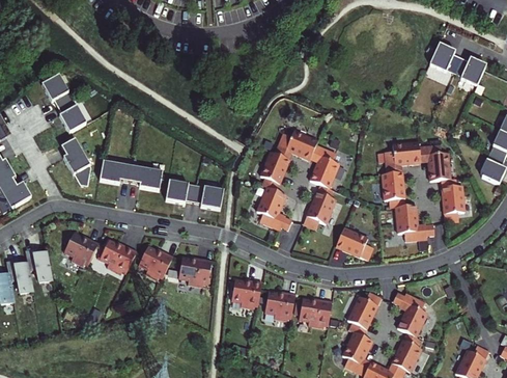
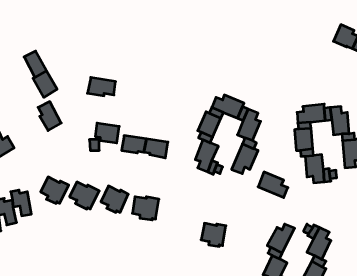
building: [98,160,134,183] -> [87,77,116,96]
building: [231,278,262,307] -> none
building: [299,298,332,327] -> none

